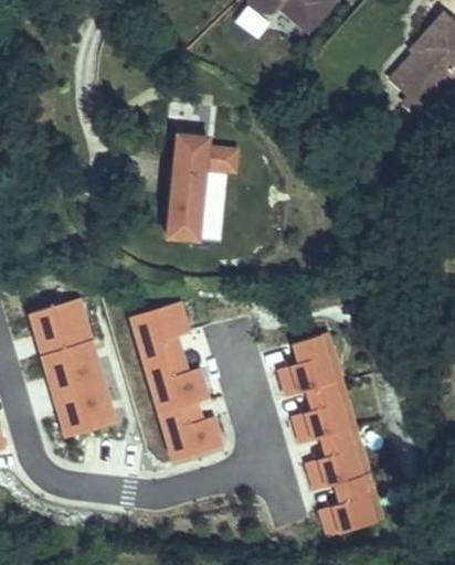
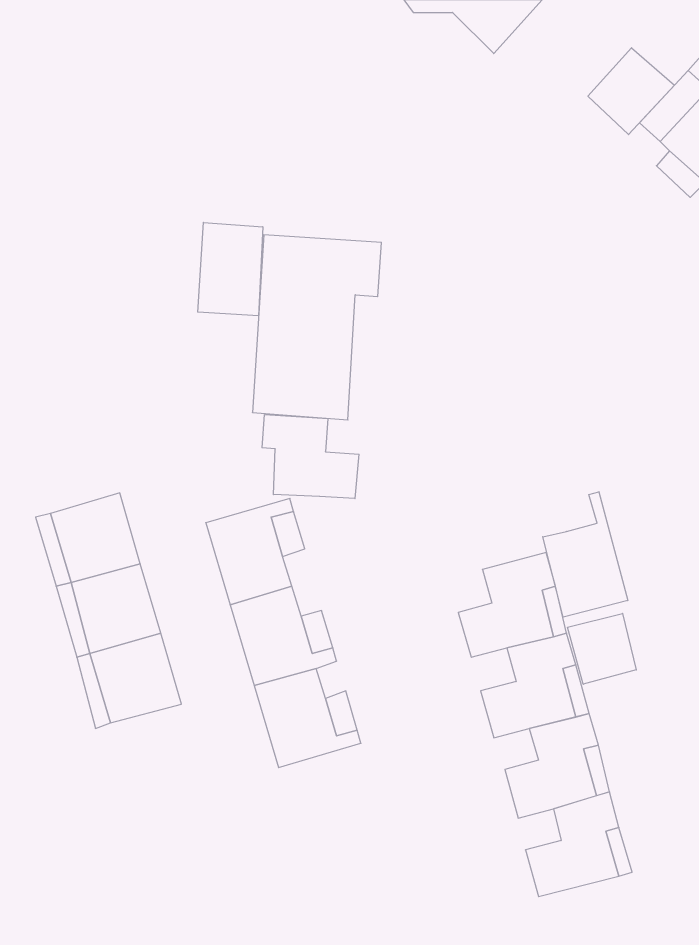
building: none -> [588,48,674,135]
building: none -> [198,222,263,316]
building: none -> [262,415,359,499]
building: none -> [543,492,628,617]
building: none -> [568,613,636,684]

